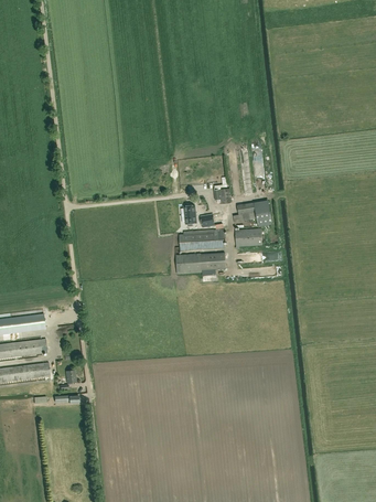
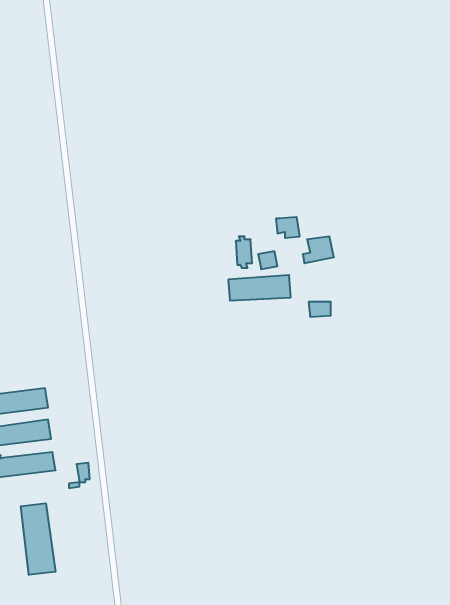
building: [235,227,262,246] -> none
building: [175,252,226,274] -> none
building: none -> [21,503,56,575]

